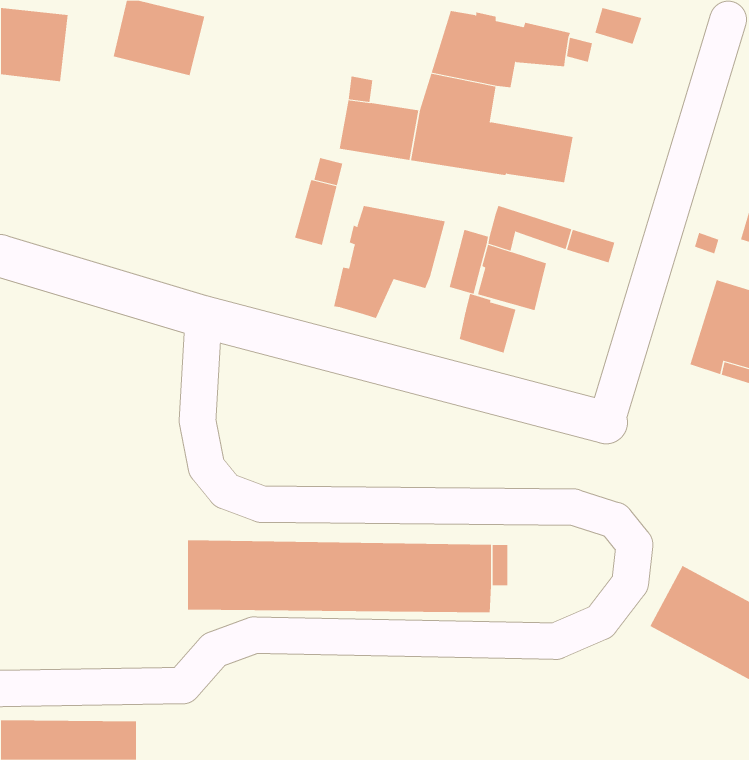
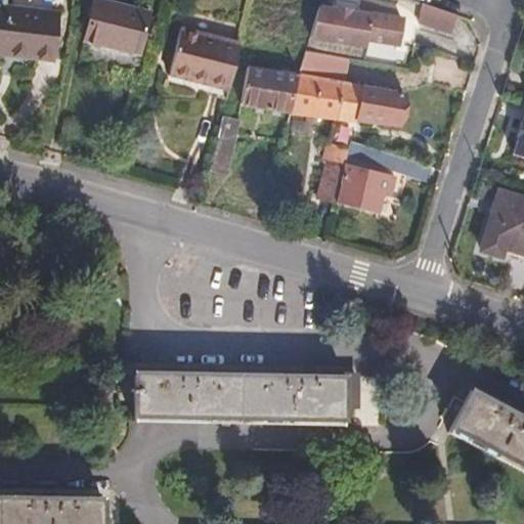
building: none -> [172,28,239,87]
building: [334,205,445,319] -> none
building: [459,293,516,353] -> none

